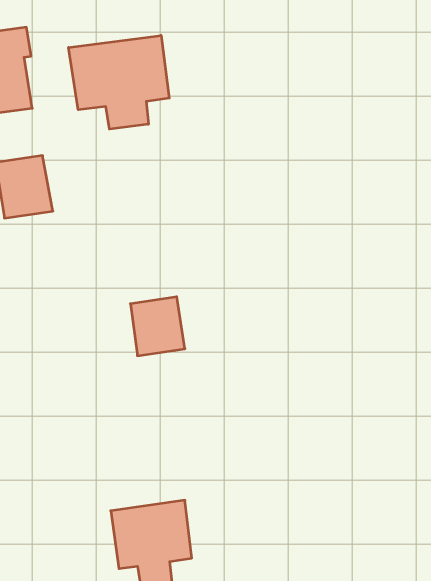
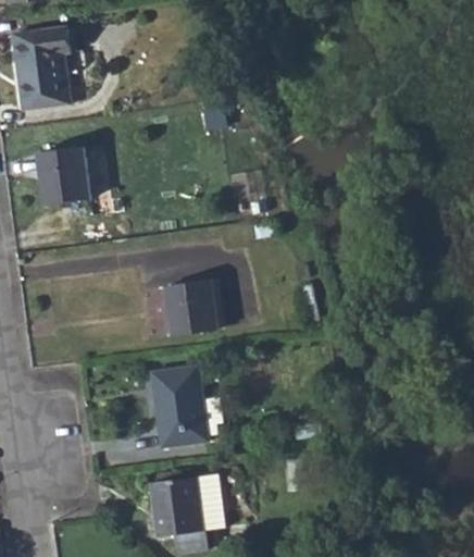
building: [69,35,169,129] -> none
building: none -> [152,366,223,447]

